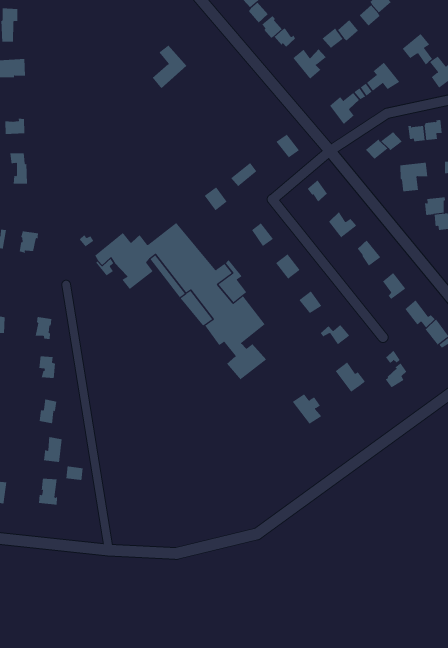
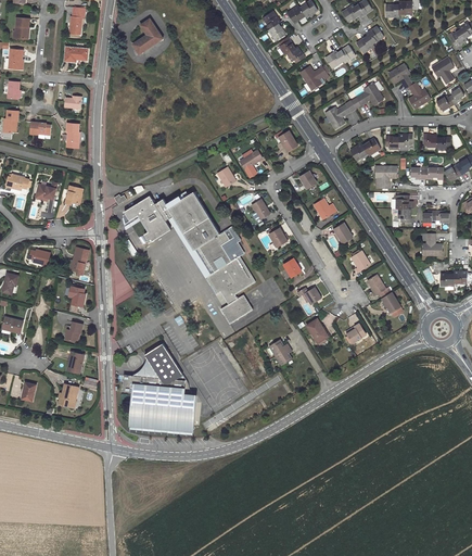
building: [152,45,187,89] -> [132,20,162,54]
building: none -> [122,343,196,432]

